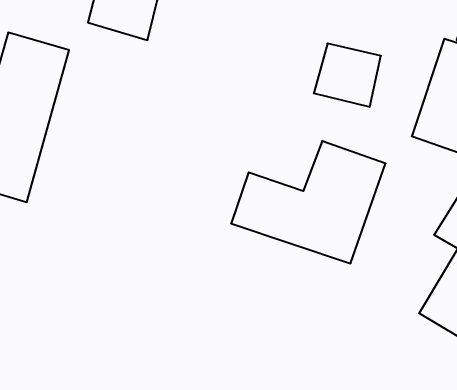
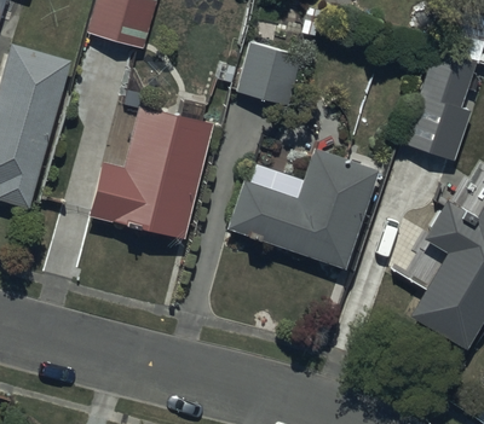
building: [314,43,381,107] -> [236,45,301,106]
building: none -> [88,106,213,240]

